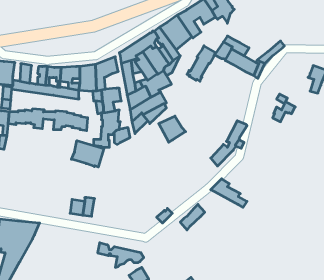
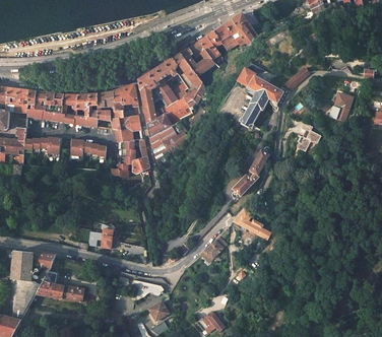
building: [187,46,216,81] -> [239,91,268,128]
building: [159,116,186,142] -> none
building: [71,141,104,167] -> none
building: none -> [36,271,83,301]

